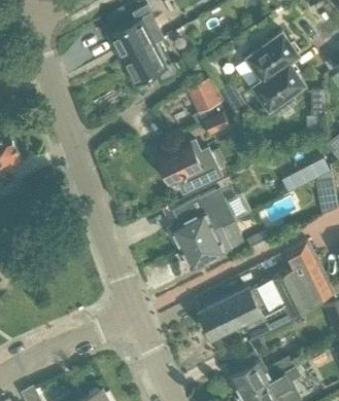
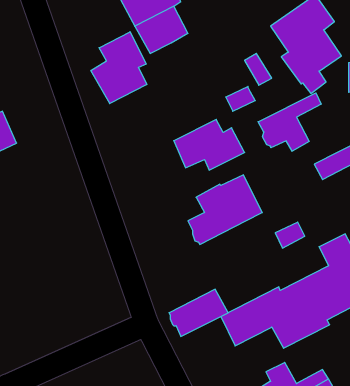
building: none -> [91,32,147,104]
building: [185,80,218,114] -> none
building: none -> [258,93,321,151]
building: [180,229,232,270] -> [169,289,228,336]

